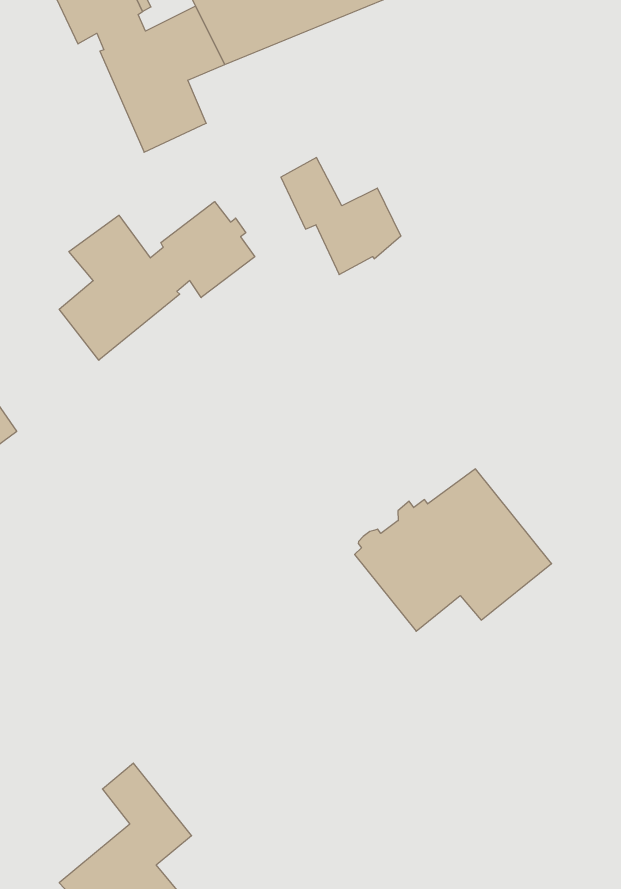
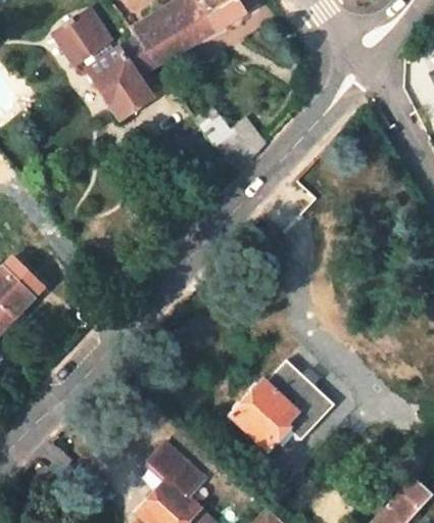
building: [59,202,255,360] -> none
building: [355,469,552,631] -> [230,361,335,451]

